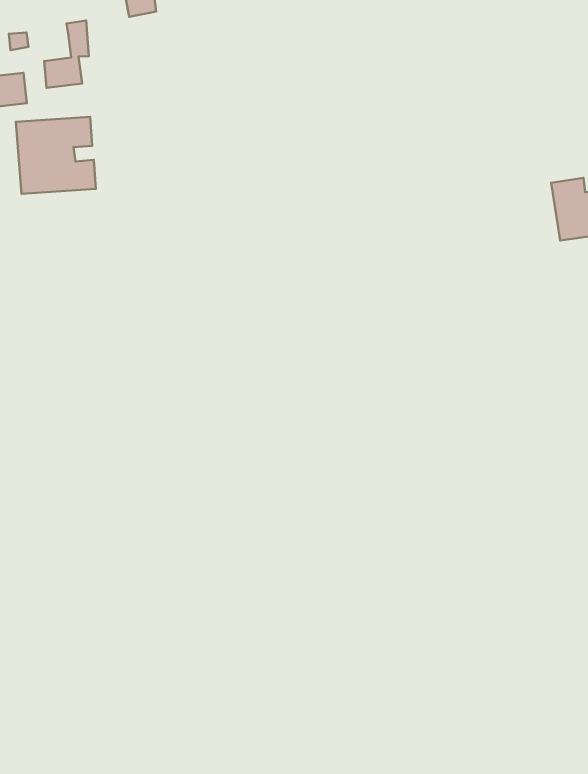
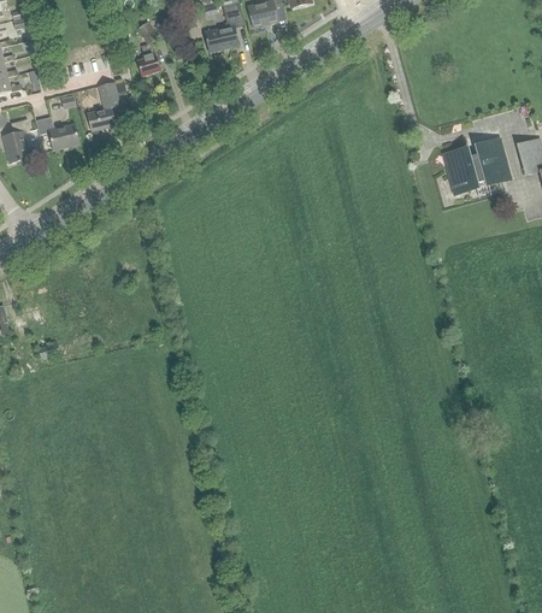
building: [16,117,96,194] -> none

